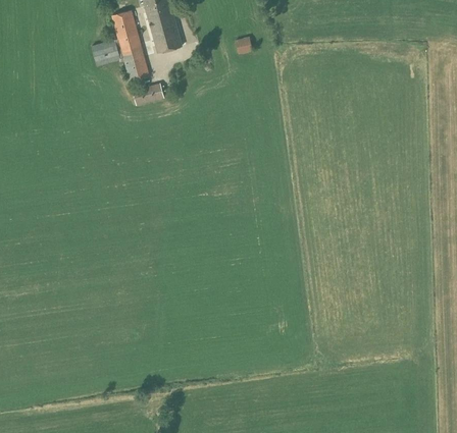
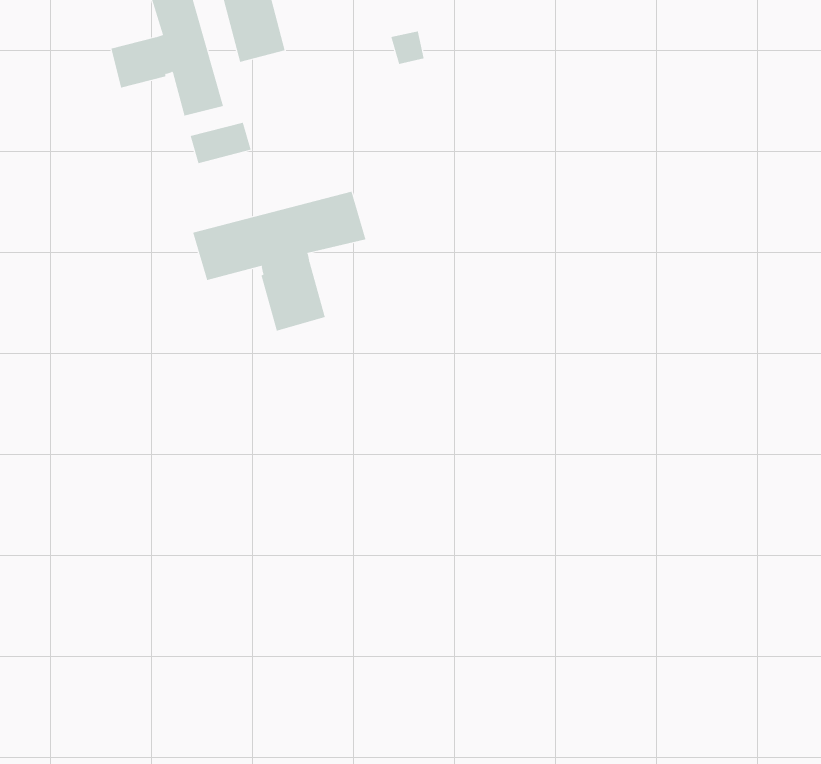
building: none -> [193,191,366,332]

